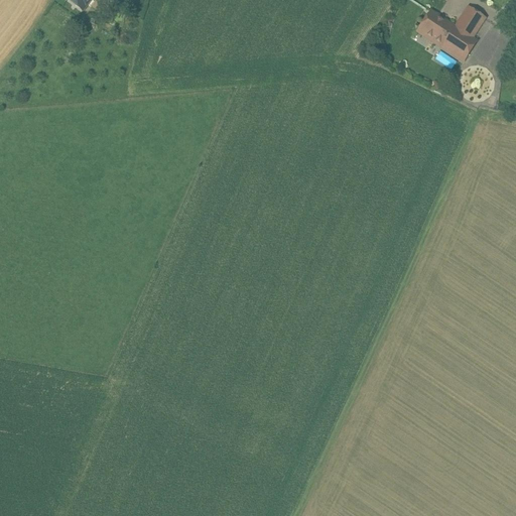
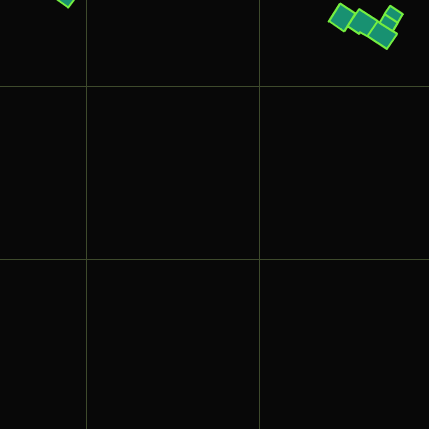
building: none -> [329,4,355,31]

